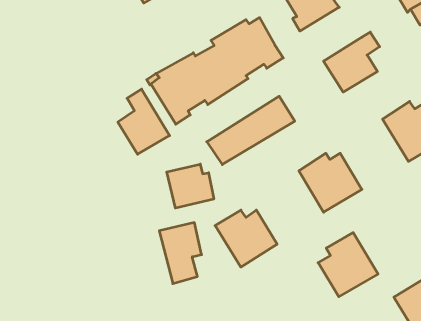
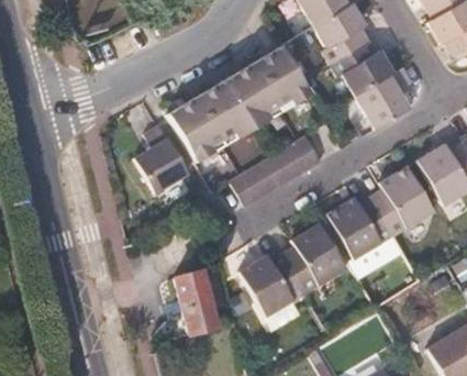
building: none -> [329,40,394,97]
building: none -> [371,164,434,233]
building: [167,164,214,208] -> none
building: [318,233,378,297] -> [282,223,346,291]

